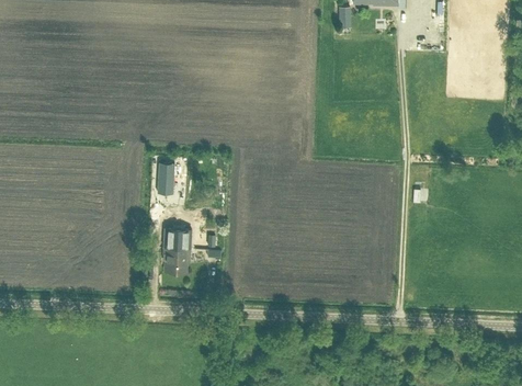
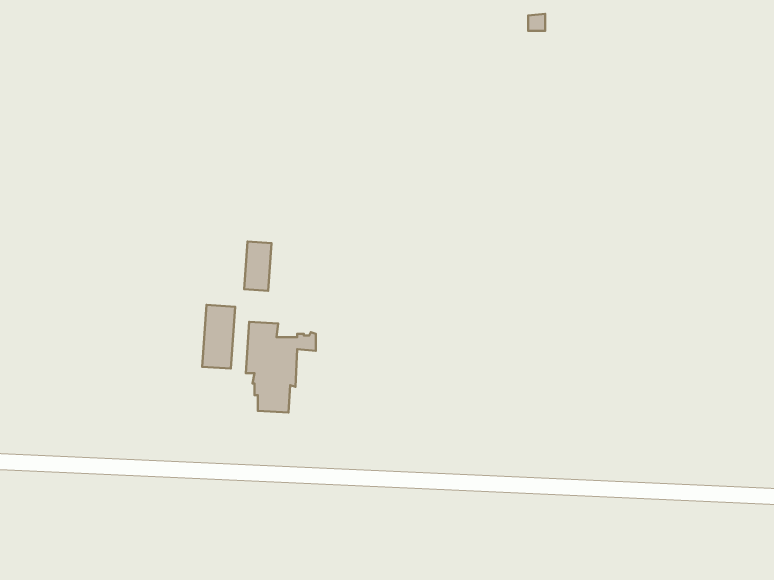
building: none -> [202,305,235,369]

